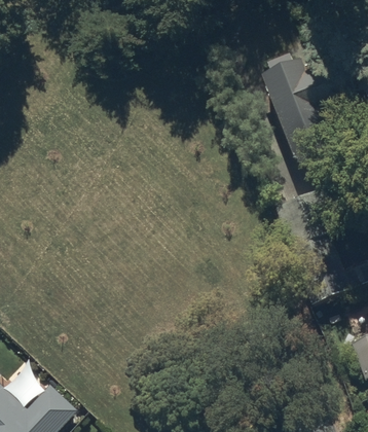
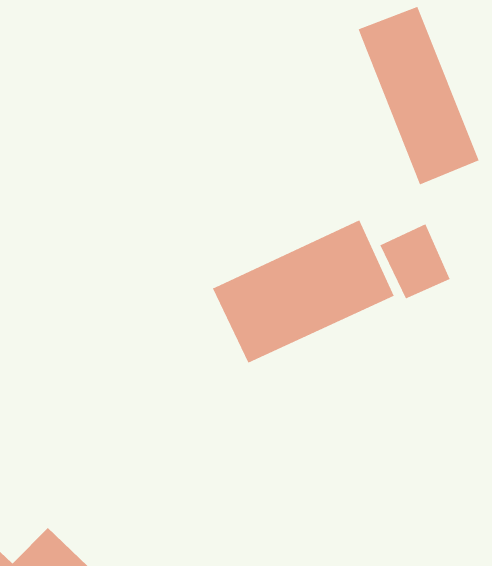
building: none -> [212,220,394,363]

